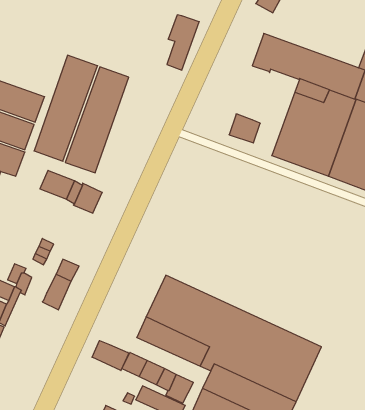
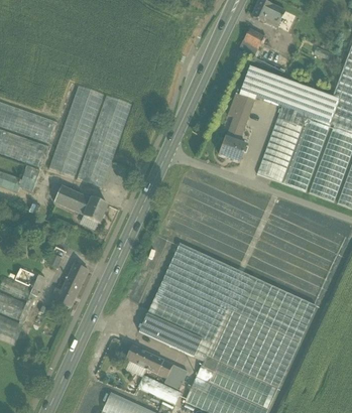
building: [167,15,199,70] -> [226,94,254,142]
building: none -> [163,243,316,340]
building: [92,341,129,371] -> none

